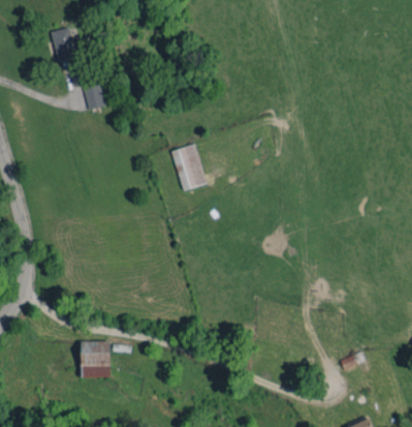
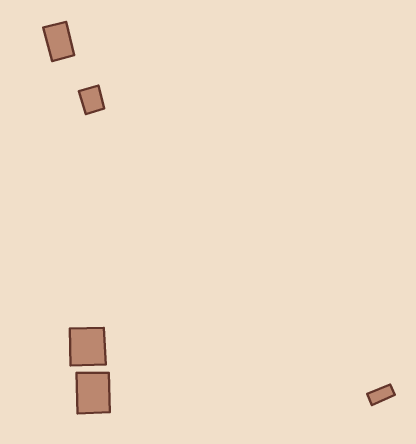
building: [172,144,208,190] -> none
building: none -> [70,328,106,365]

